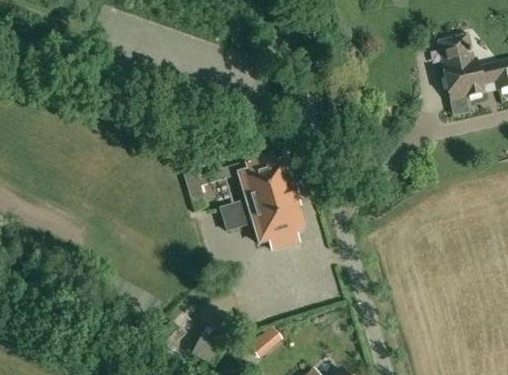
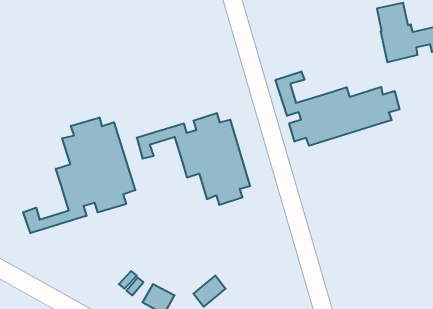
building: none -> [276,71,400,146]
building: none -> [23,117,135,233]

